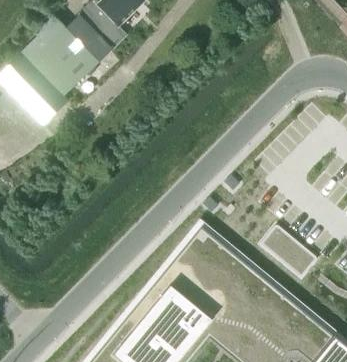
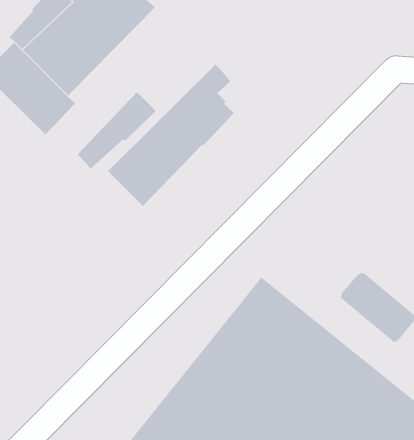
building: none -> [107,64,234,207]
building: none -> [77,91,157,170]

